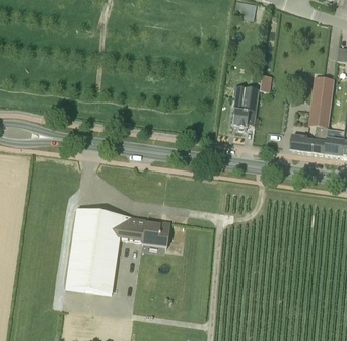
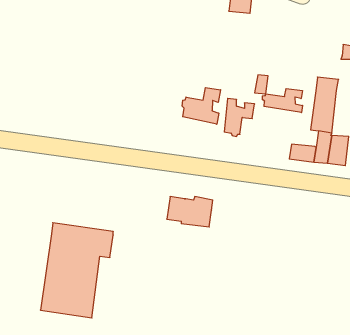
building: none -> [182,88,221,124]
building: none -> [262,89,303,113]
building: [128,219,169,247] -> [167,197,213,227]

